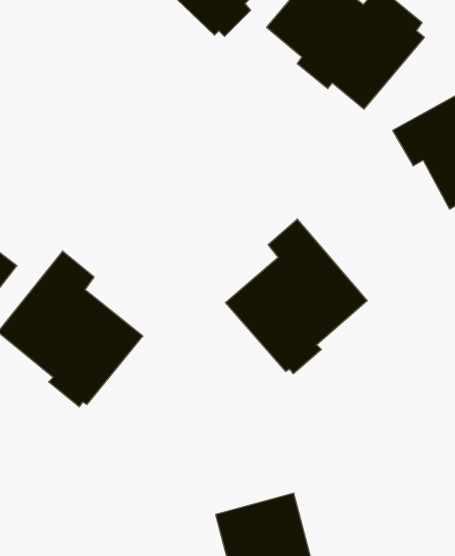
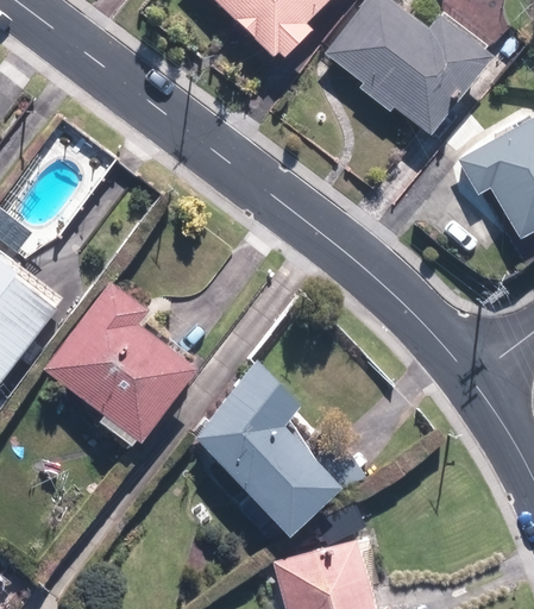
building: [225,219,367,374] -> none
building: none -> [194,358,338,538]

